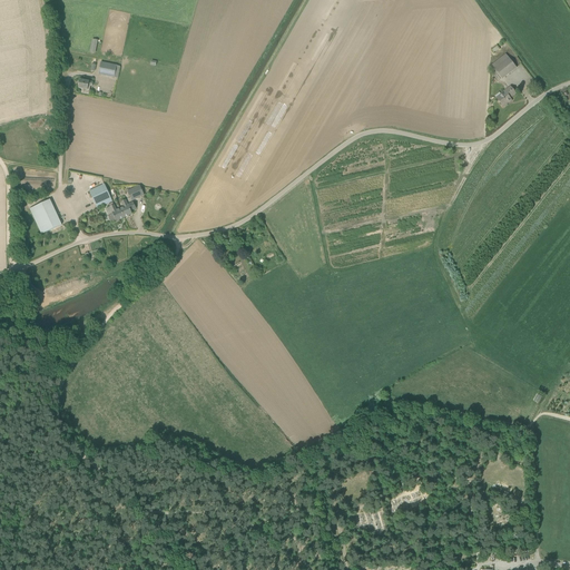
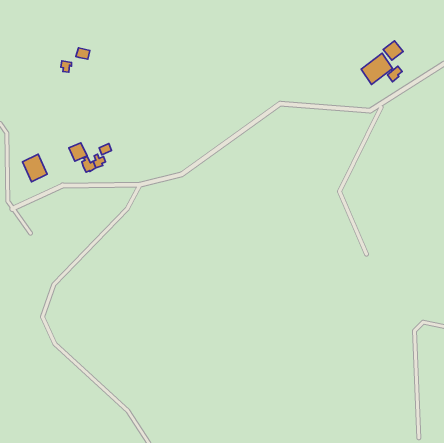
building: none -> [361,53,392,85]

